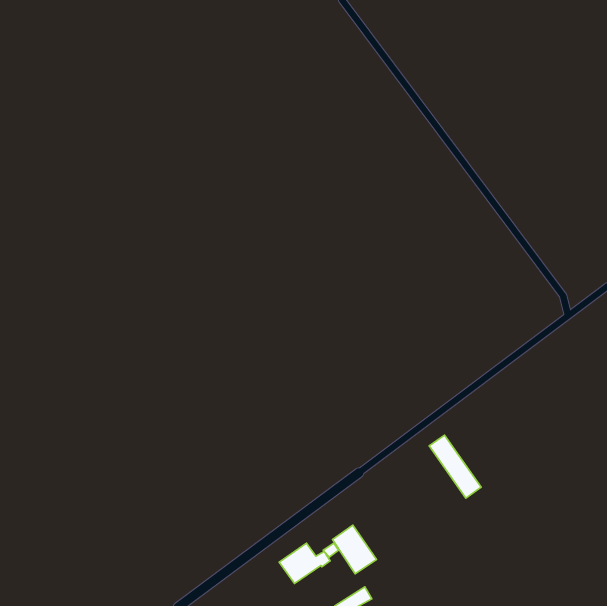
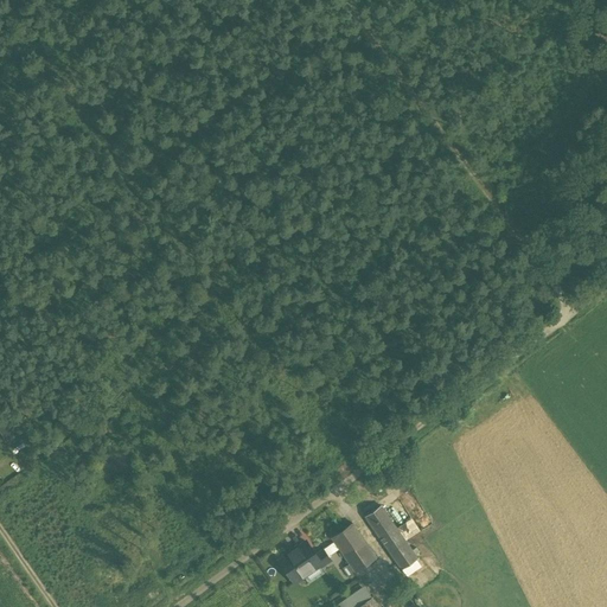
building: [429,435,481,498] -> [365,507,417,570]

